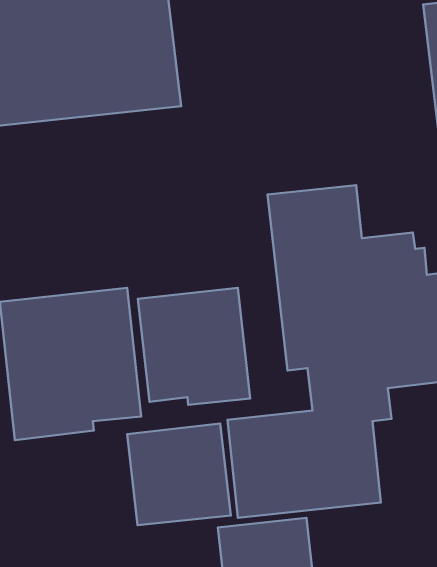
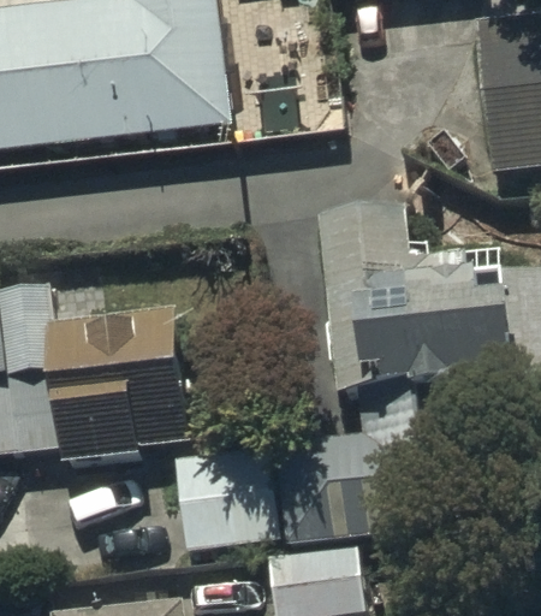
building: [138,288,250,405] -> none

